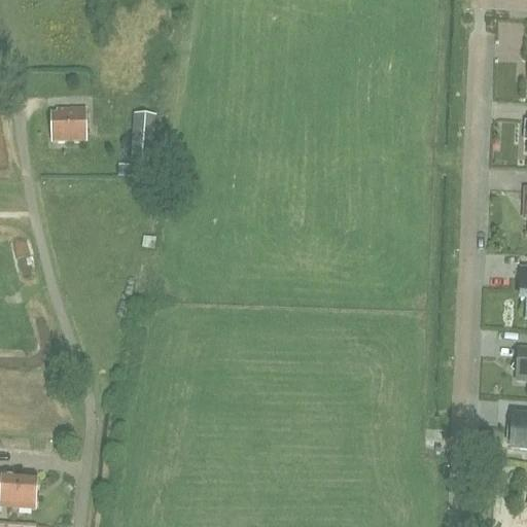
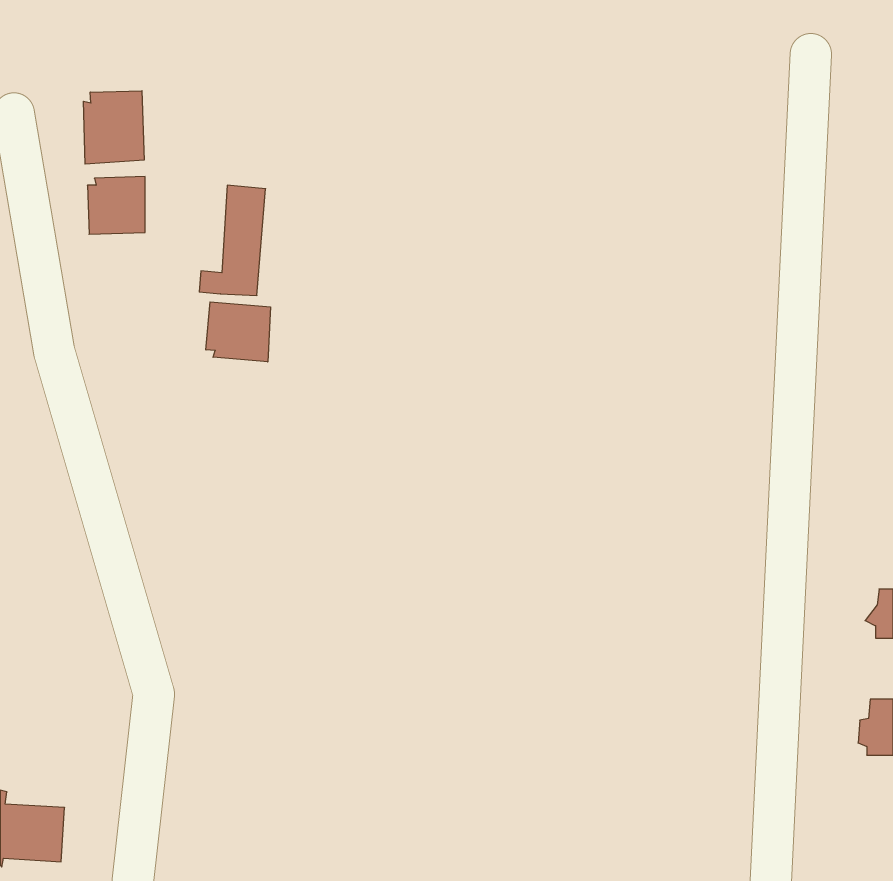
building: none -> [83,91,144,164]
building: none -> [206,302,270,362]

